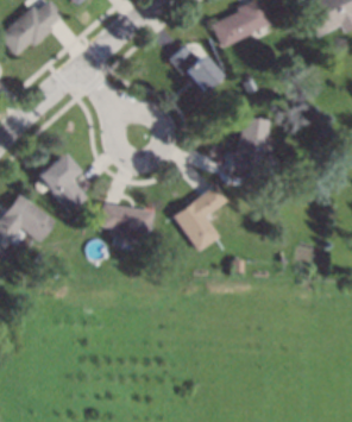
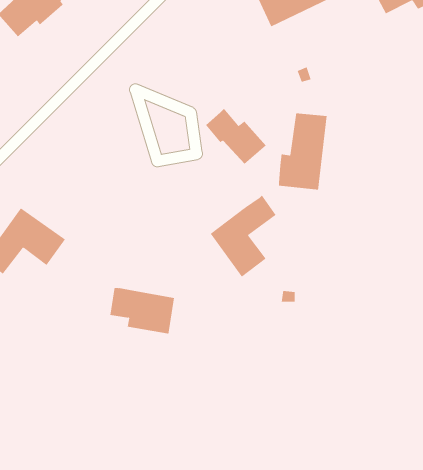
building: [171,44,221,90] -> [205,108,266,165]
building: [38,152,88,212] -> none
building: [101,203,155,241] -> [110,288,175,334]

